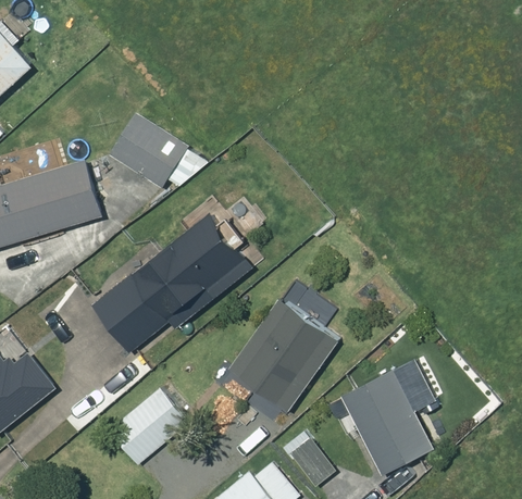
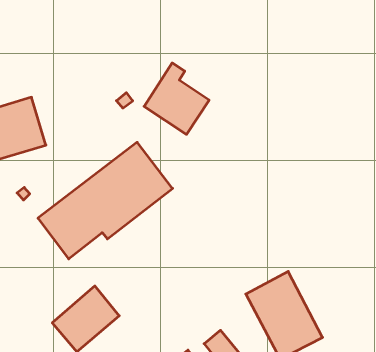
building: [110,102,188,188] -> [144,63,209,134]
building: [227,300,337,412] -> none

